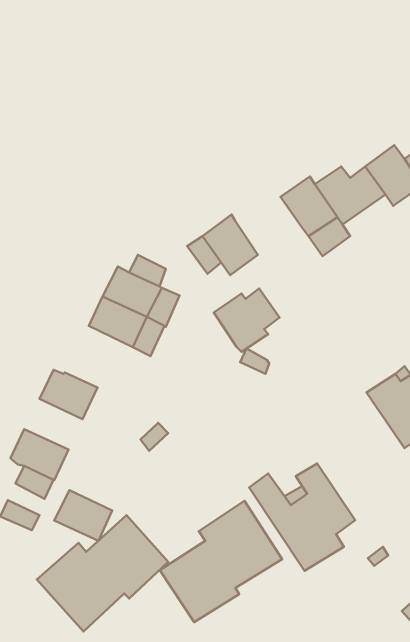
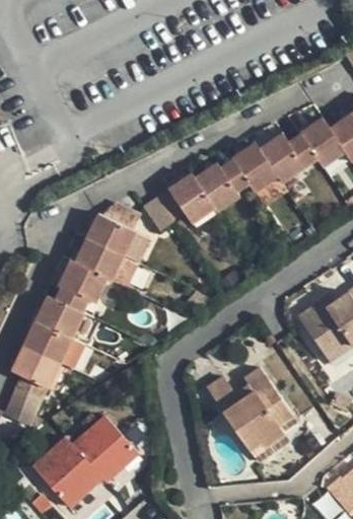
building: [214,289,279,352] -> [194,159,246,210]
building: none -> [57,263,105,312]
building: [54,490,112,541] -> [24,321,71,362]
building: [160,501,282,622] -> none

